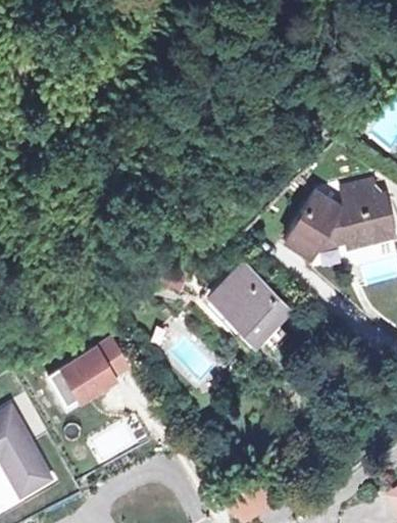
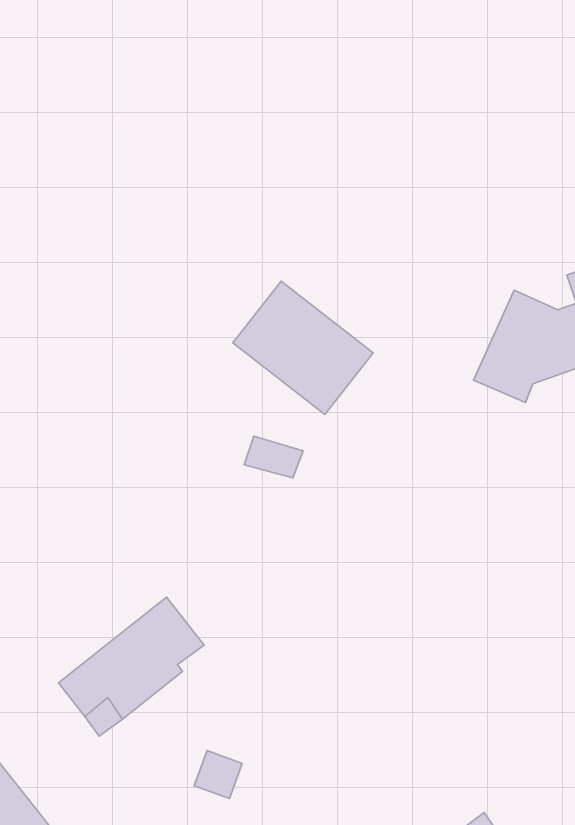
building: [215,262,288,334] -> [233,281,373,415]

